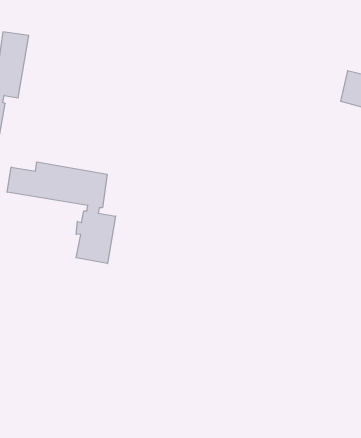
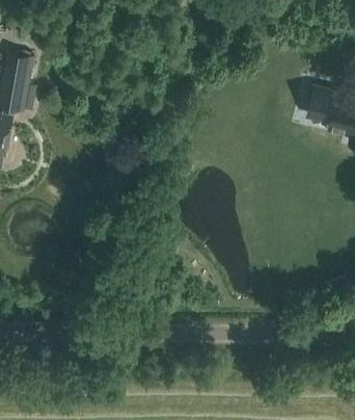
building: [7,162,116,264] -> none

